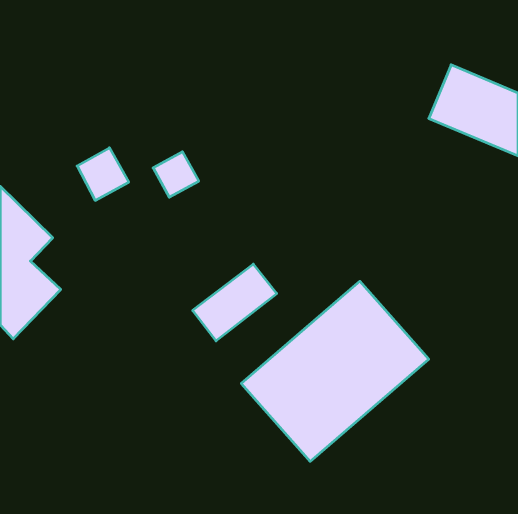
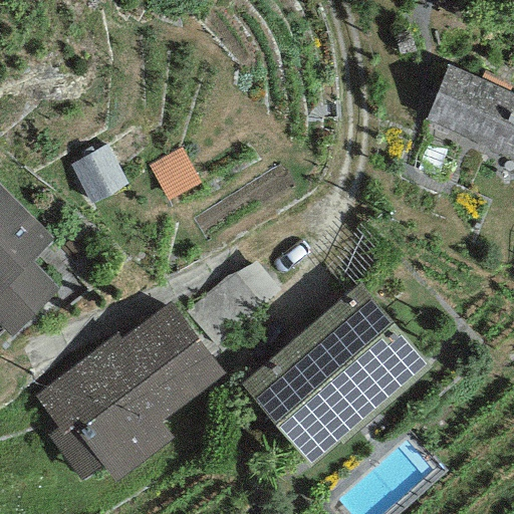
building: none -> [35,301,224,480]

